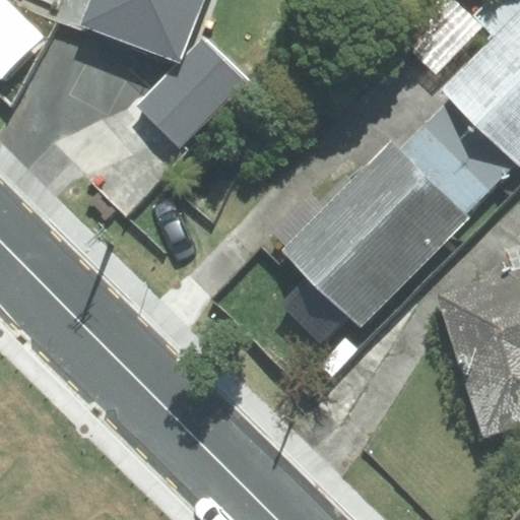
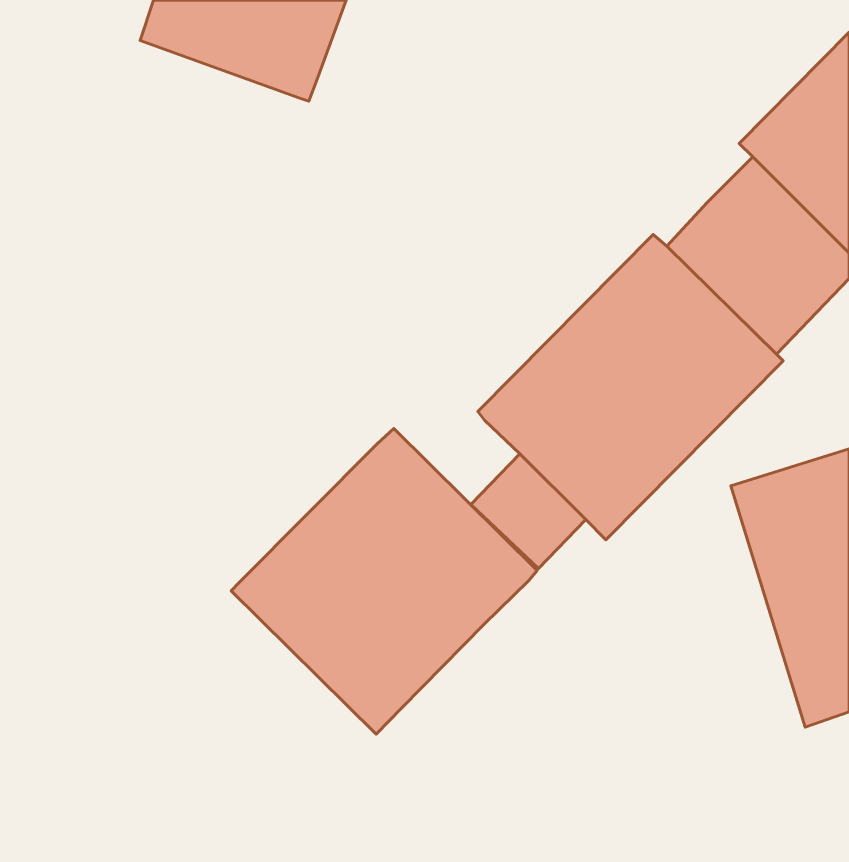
building: [136,37,246,147] -> none
building: none -> [231,428,537,734]

